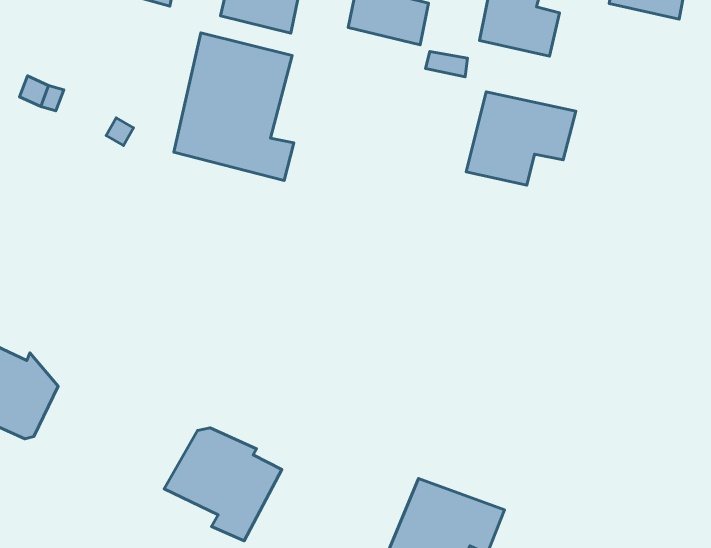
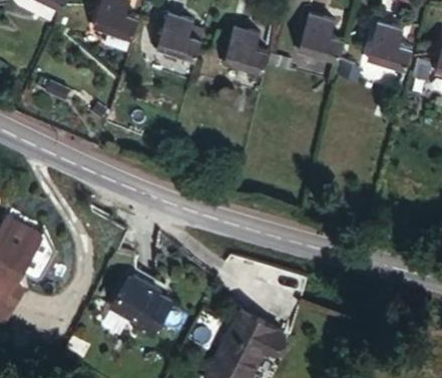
building: [174,33,294,180] -> none
building: [466,92,576,185] -> none

